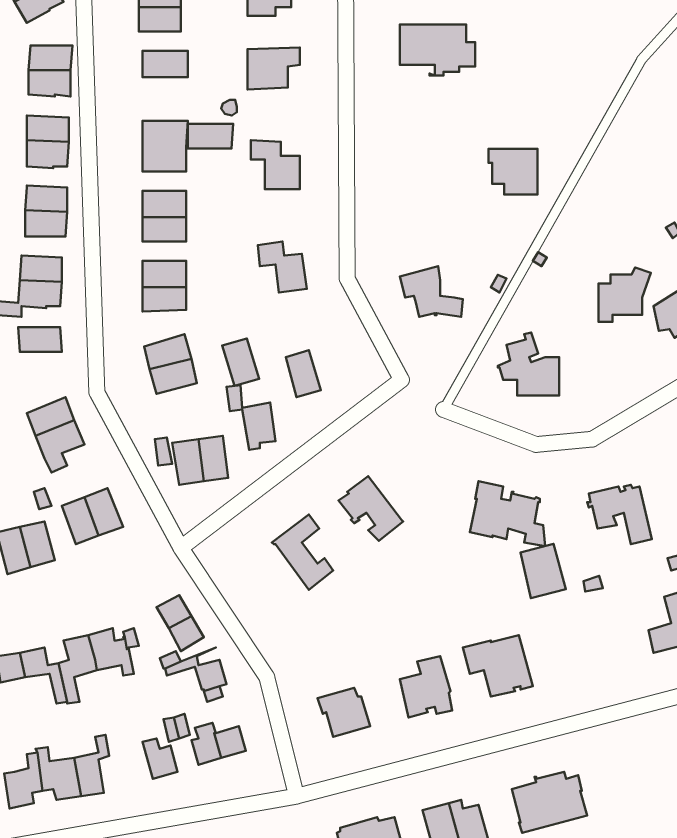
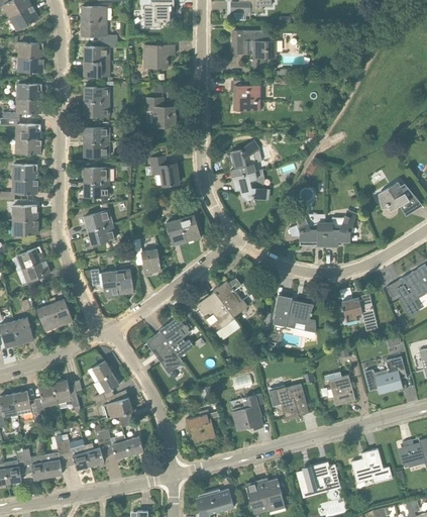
building: [188,124,233,148] -> [84,62,110,76]
building: [489,149,538,194] -> [231,85,259,111]
building: none -> [227,140,257,177]
building: [598,268,651,322] -> [324,214,354,245]
building: [222,339,259,386] -> [180,215,201,242]
building: none -> [13,220,37,242]
building: none -> [213,283,247,317]
building: [520,544,566,598] -> [329,375,355,406]
building: none -> [147,331,181,370]
building: none -> [63,440,90,470]
building: none -> [350,448,384,478]

